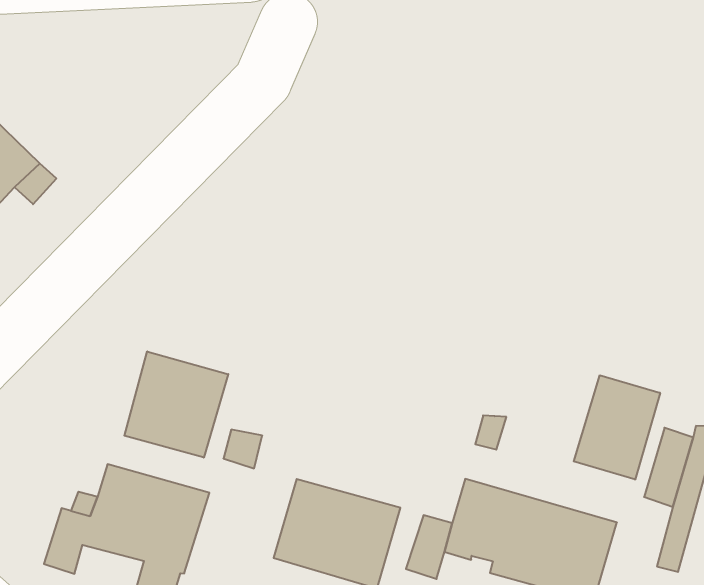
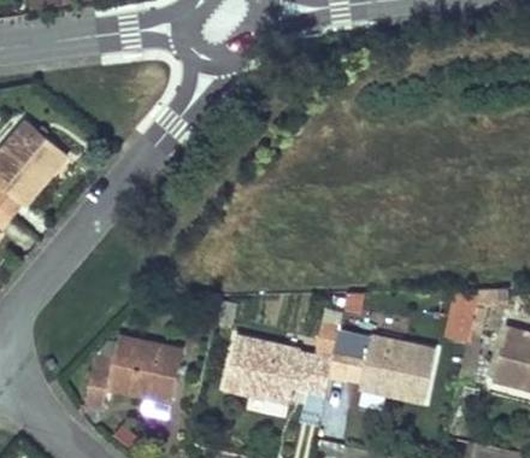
building: [124,351,228,458] -> none
building: [574,375,660,480] -> none

